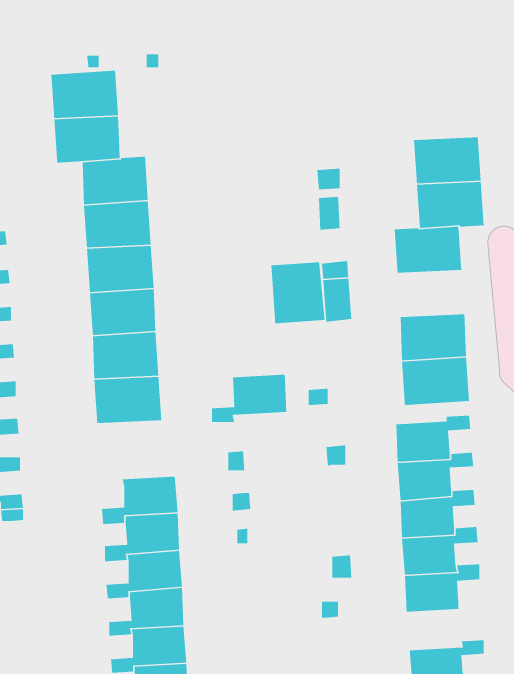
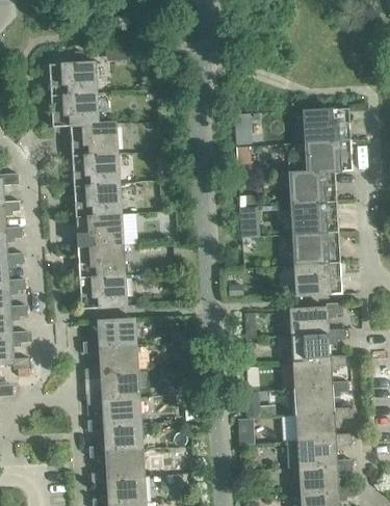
building: [271,262,325,324] -> none
building: none -> [291,202,339,234]
building: [211,374,287,423] -> [83,318,136,352]
building: none -> [297,433,352,467]

